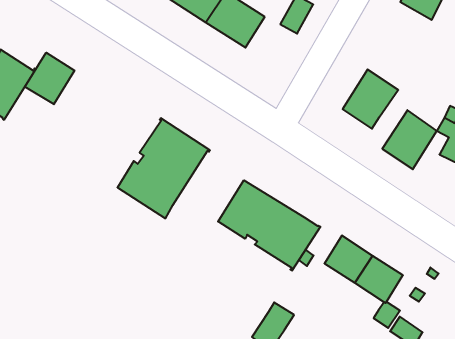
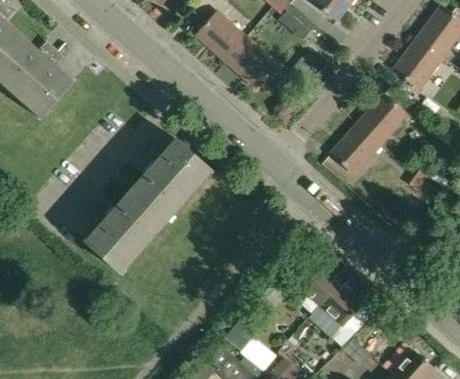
building: [25,53,74,104] -> none
building: [382,110,437,169] -> [357,93,406,144]
building: [218,180,320,271] -> none
building: none -> [83,191,164,275]

